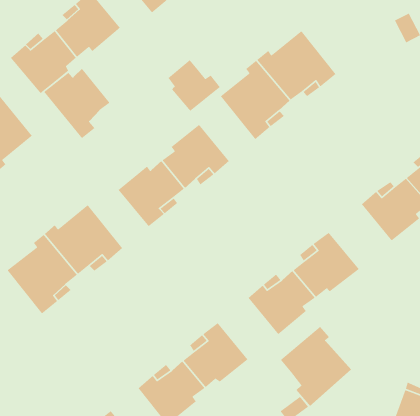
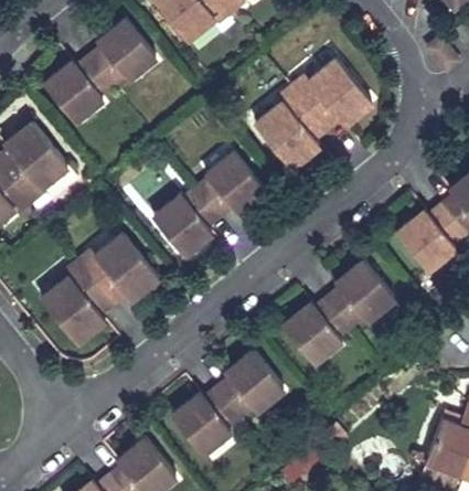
building: [167,59,221,112] -> none
building: [43,68,110,139] -> none
building: [280,326,352,407] -> none

